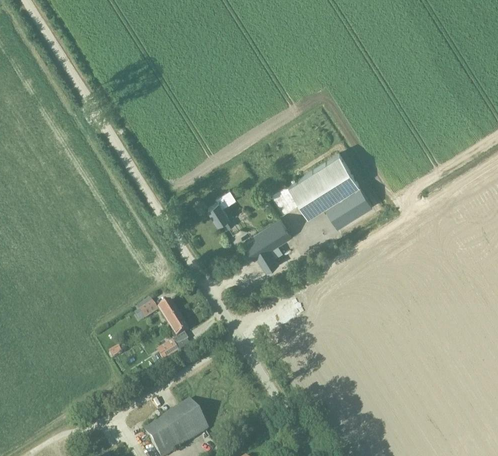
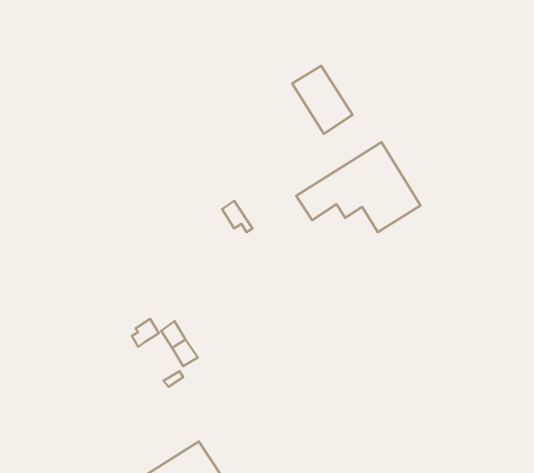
building: none -> [292,66,353,134]
building: [245,218,292,271] -> none

